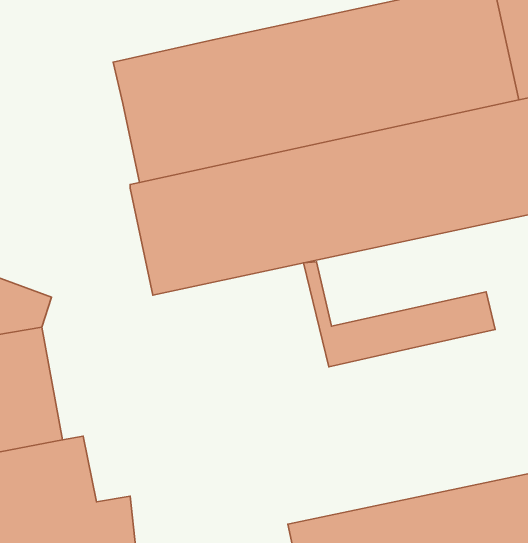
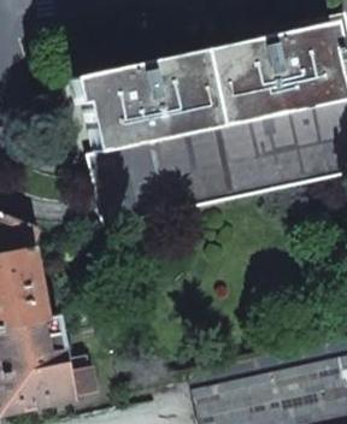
building: [303,262,495,367] -> none

